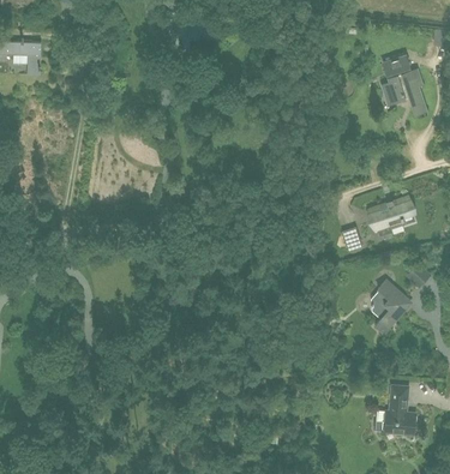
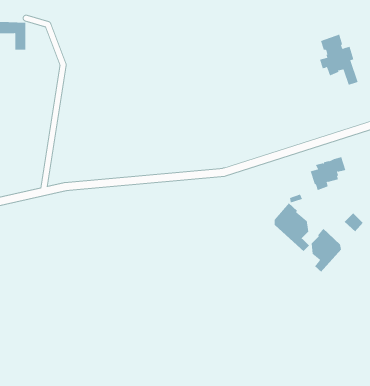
building: none -> [274,202,310,252]
building: [378,384,414,437] -> none

